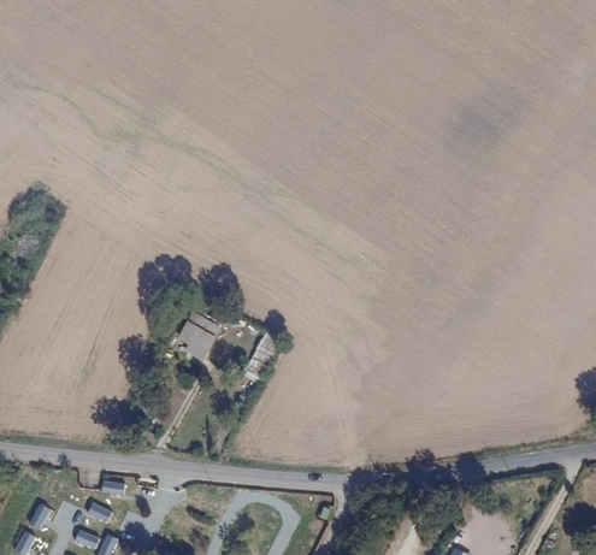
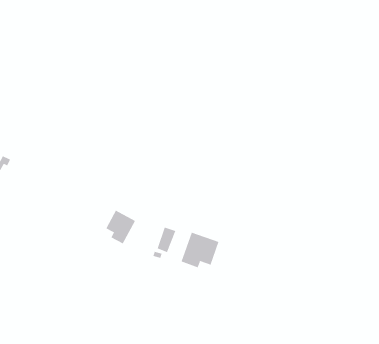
building: none -> [181,232,219,268]

